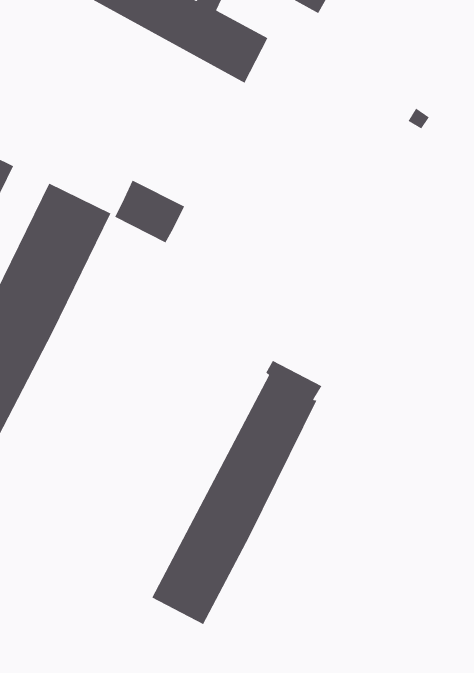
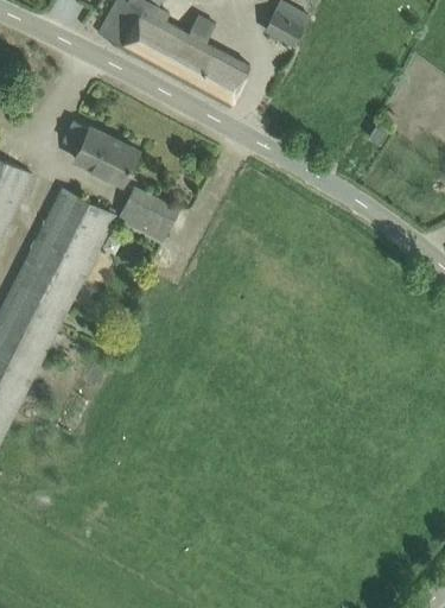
building: none -> [64,120,136,180]
building: [151,360,322,625] -> none

